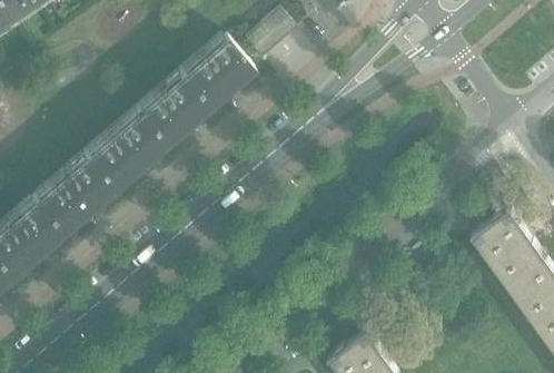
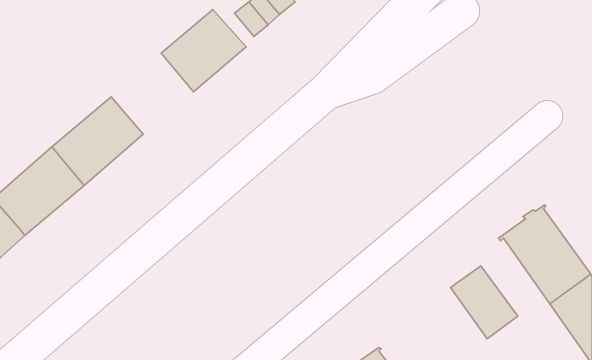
building: [136,80,207,150] -> none
building: none -> [451,266,518,339]

